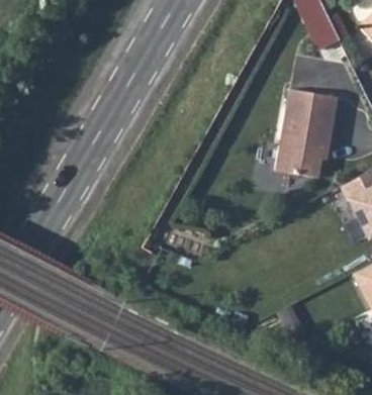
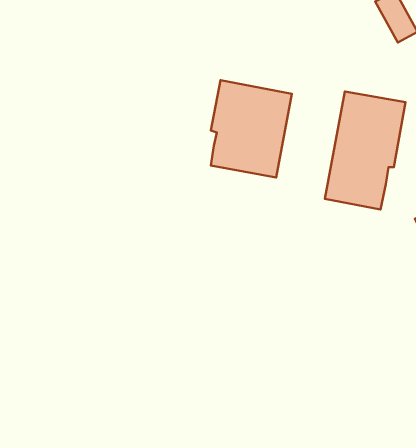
building: none -> [211,80,292,177]

